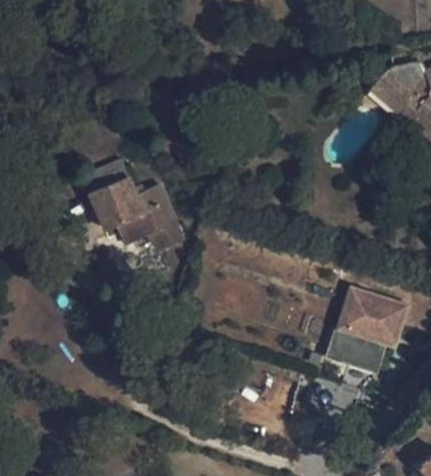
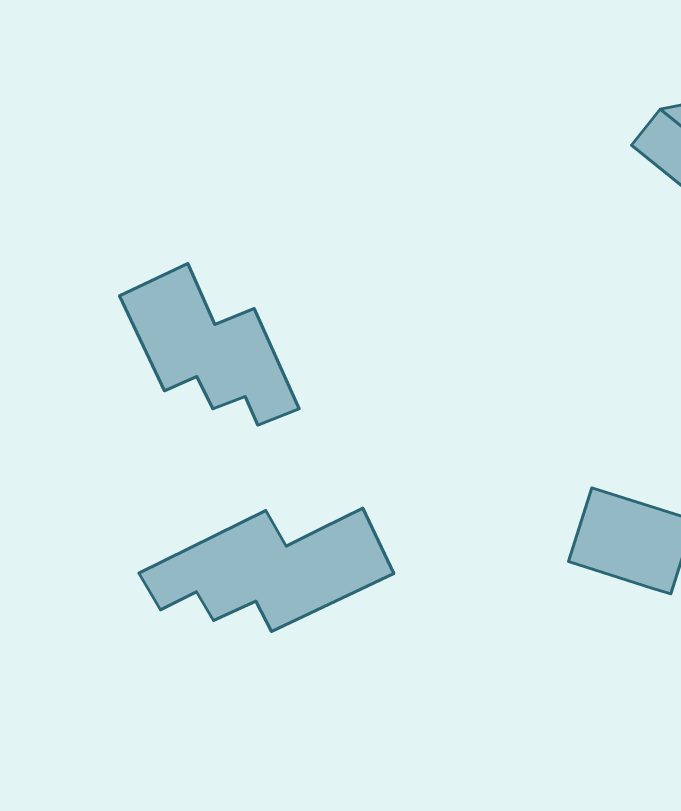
building: none -> [139,508,394,632]
building: [327,327,383,371] -> none

